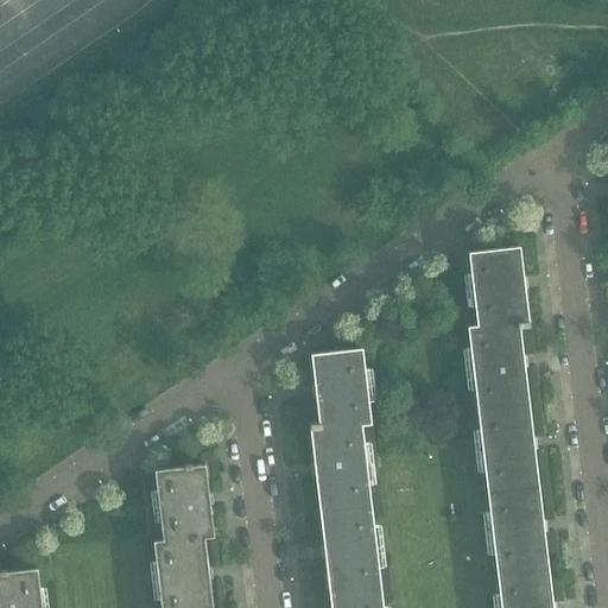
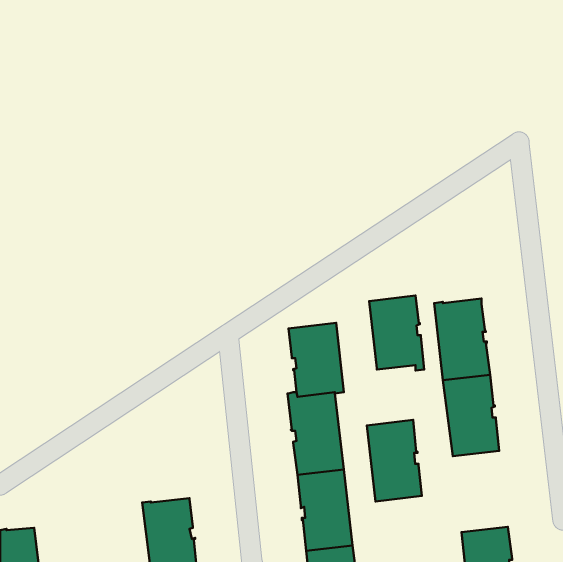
building: [469,248,528,329] -> [369,296,424,371]
building: [156,466,214,543] -> none
building: [488,487,547,575] -> [367,420,422,501]

